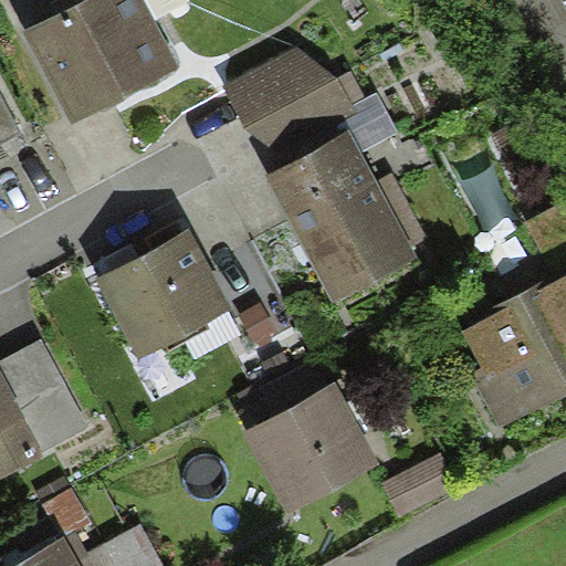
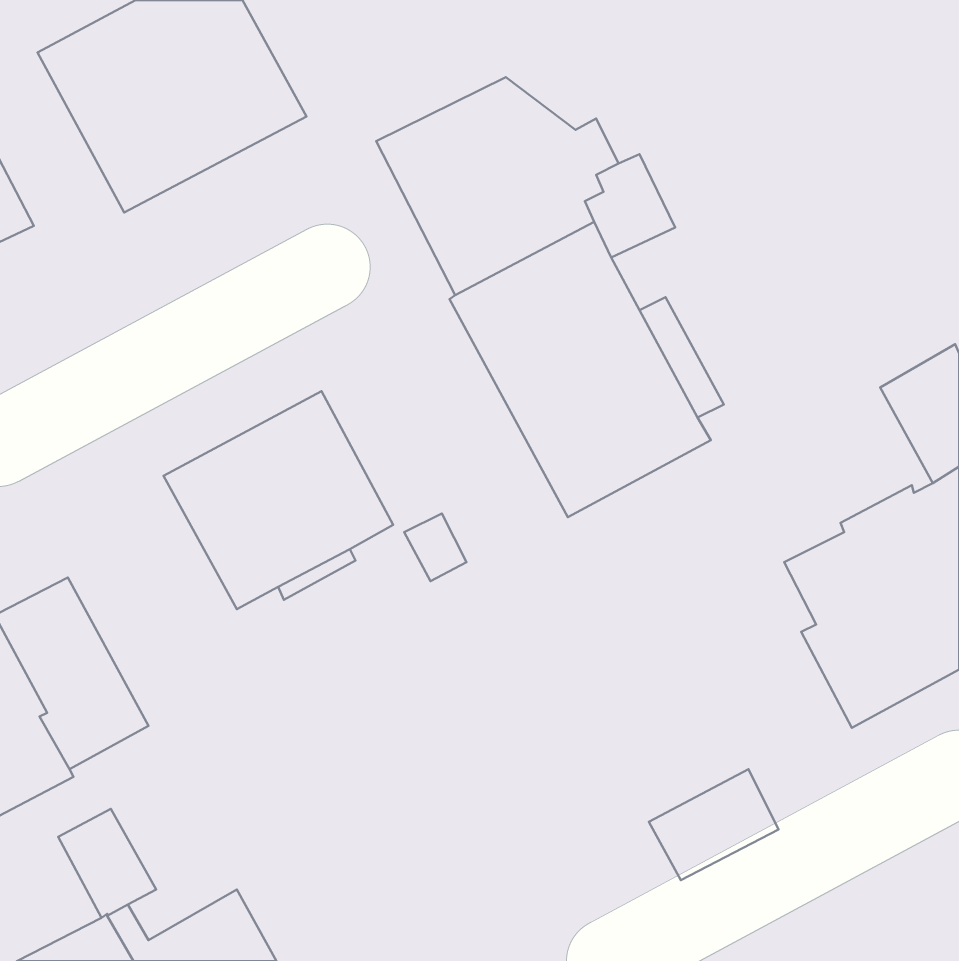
building: [243,384,377,512] -> none

